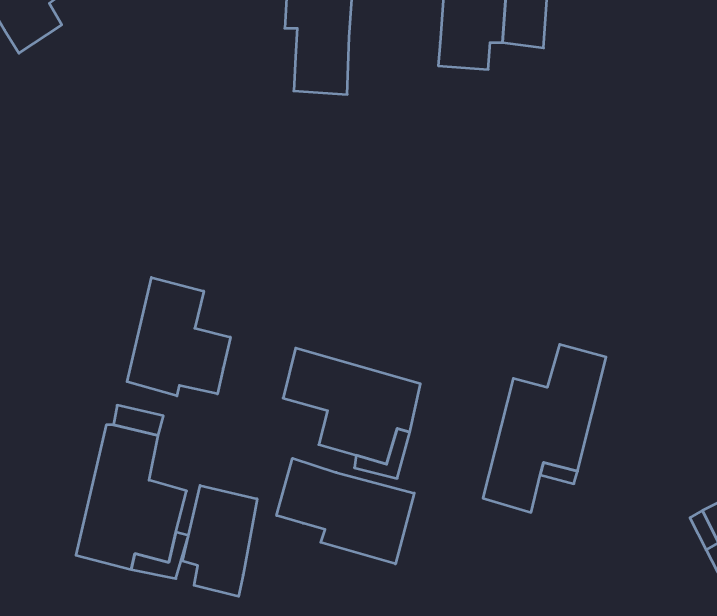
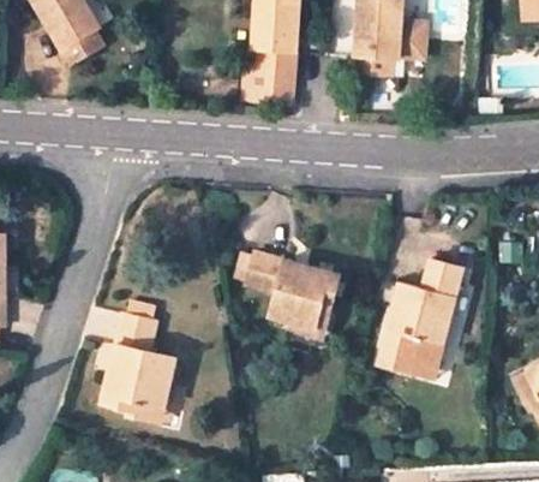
building: [127,277,230,396] -> none
building: [277,458,414,564] -> none
building: [183,485,257,596] -> none

